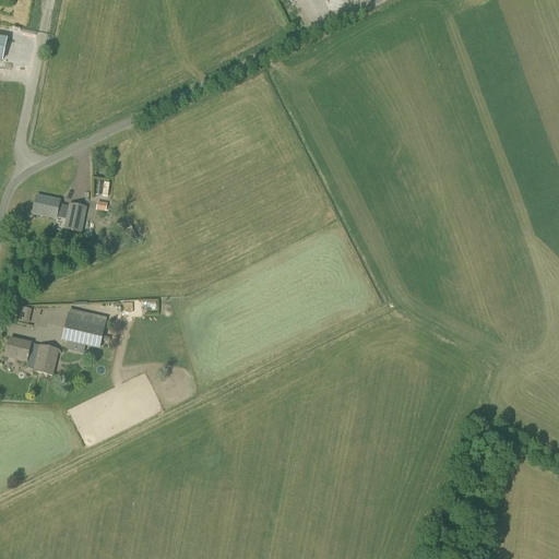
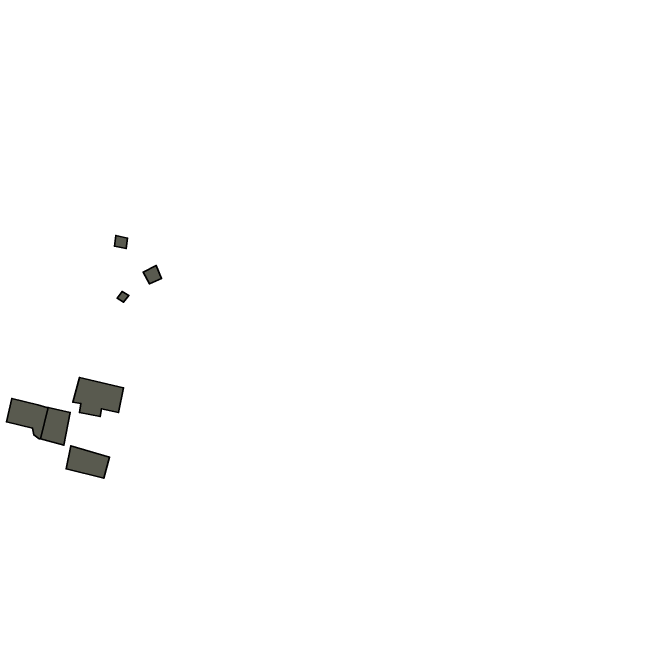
building: [33,192,87,230] -> none
building: none -> [66,446,109,478]

